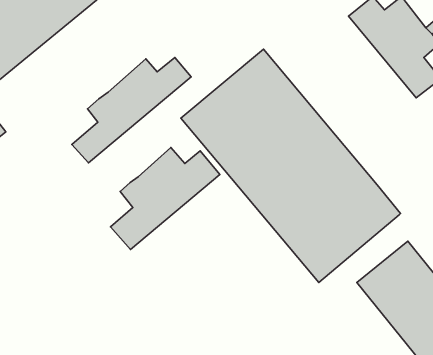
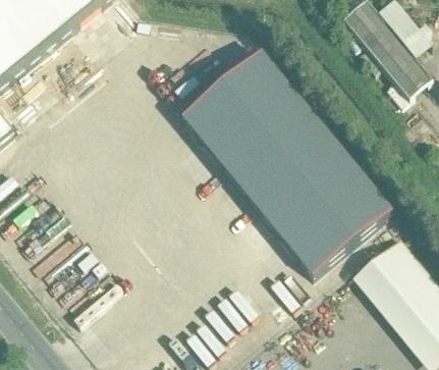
building: [72,57,191,163] -> none
building: [110,147,220,249] -> none

